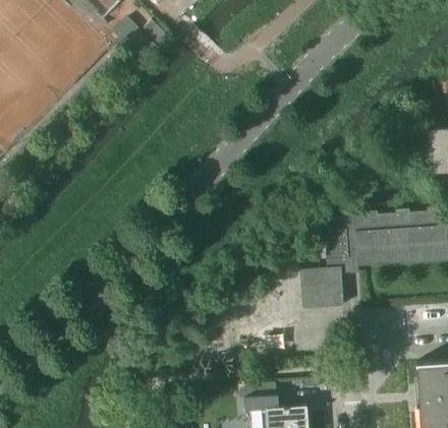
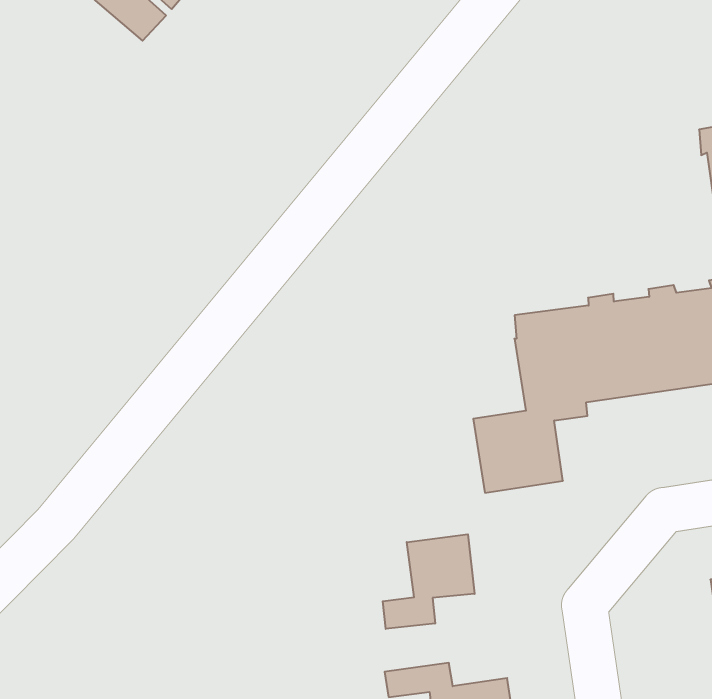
building: none -> [383,534,475,629]

